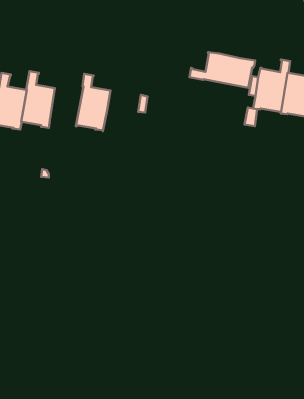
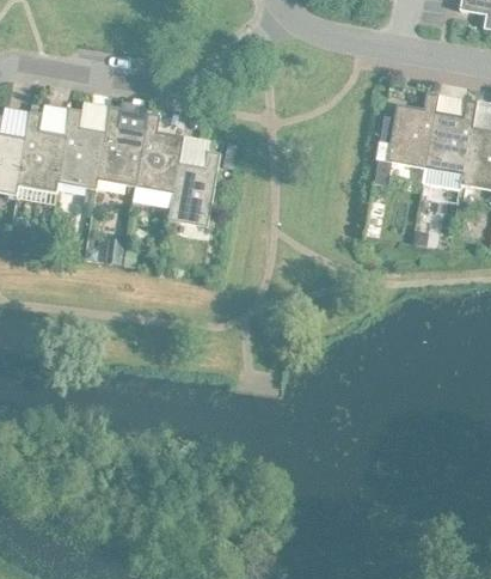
building: [190,52,255,88] -> none
building: none -> [98,105,146,187]
building: none -> [167,151,221,227]

